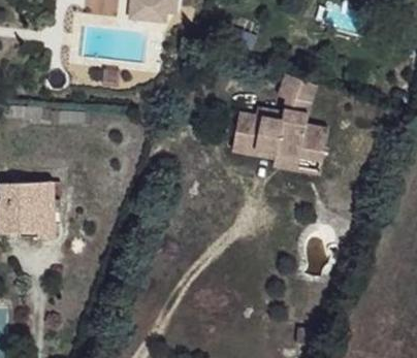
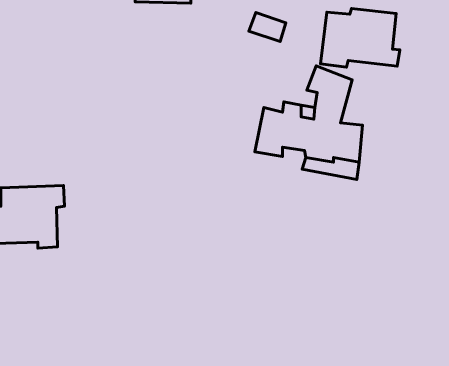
building: none -> [320,9,400,67]

